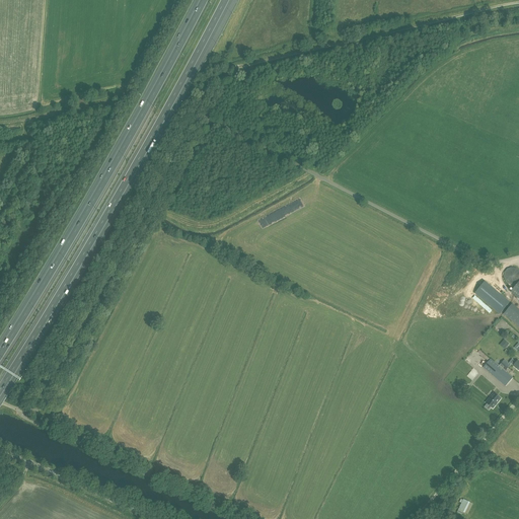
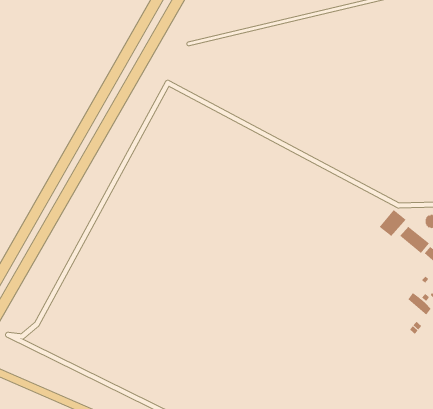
building: none -> [379,209,407,237]

